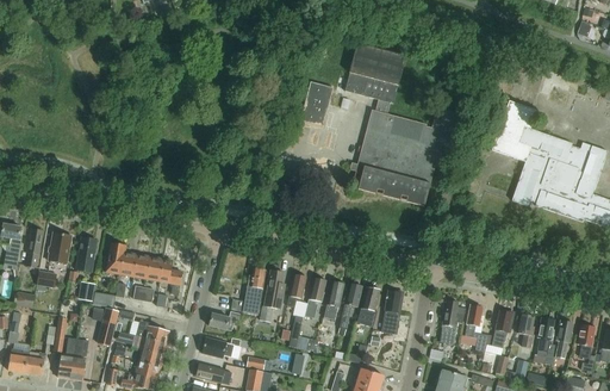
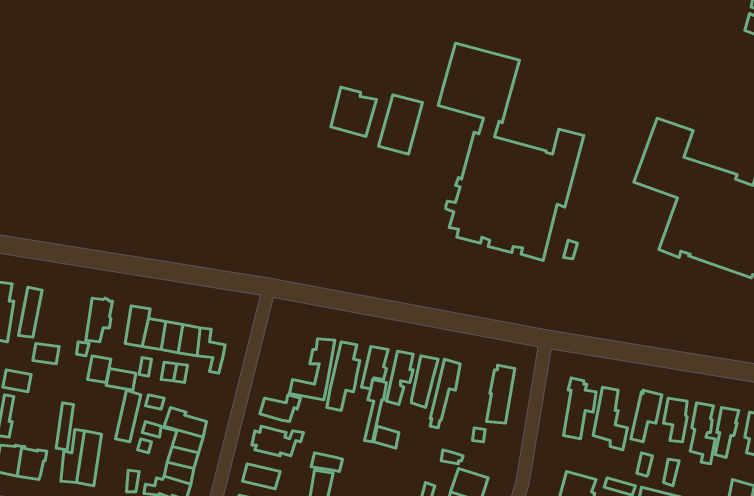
building: none -> [331,87,377,136]
building: [48,231,71,262] -> none
building: [356,286,380,327] -> none

